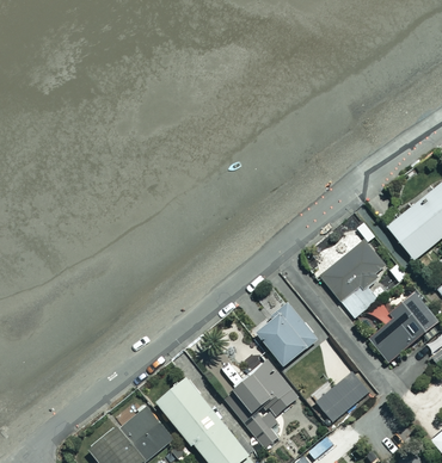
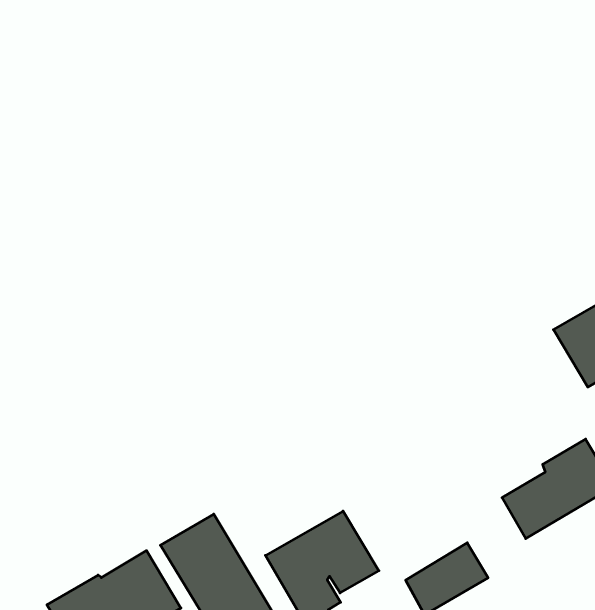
building: [318,239,385,317] -> none
building: [257,302,318,368] -> none

